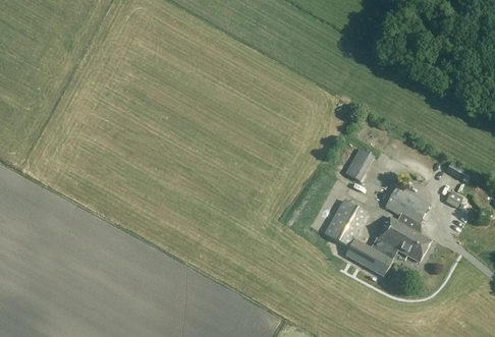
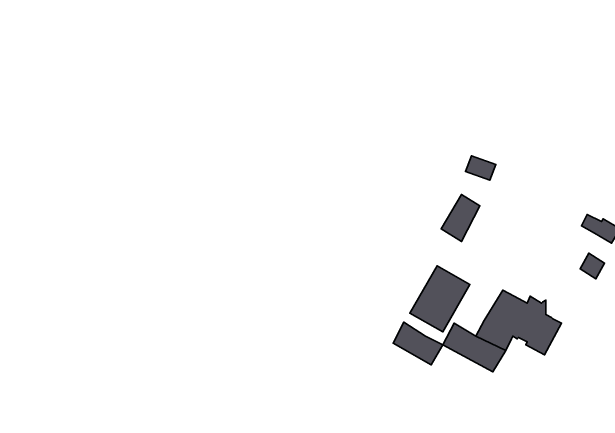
building: [384,184,429,225] -> none
building: none -> [393,322,443,365]

